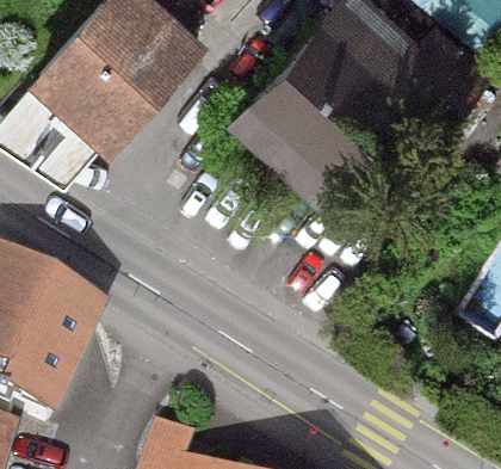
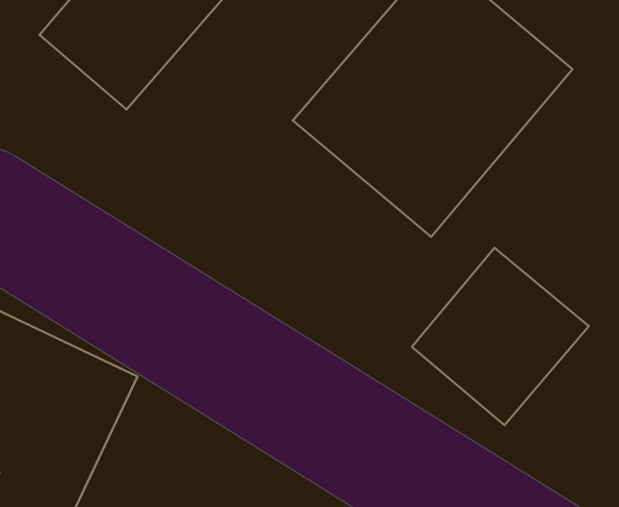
building: none -> [412,248,589,425]

